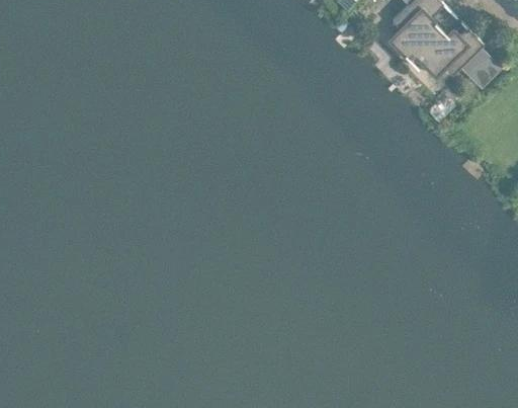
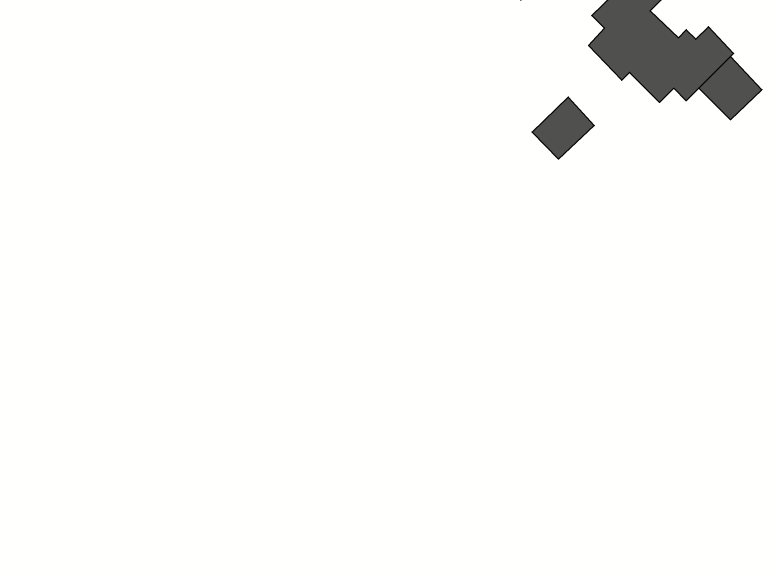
building: none -> [532,97,594,159]

